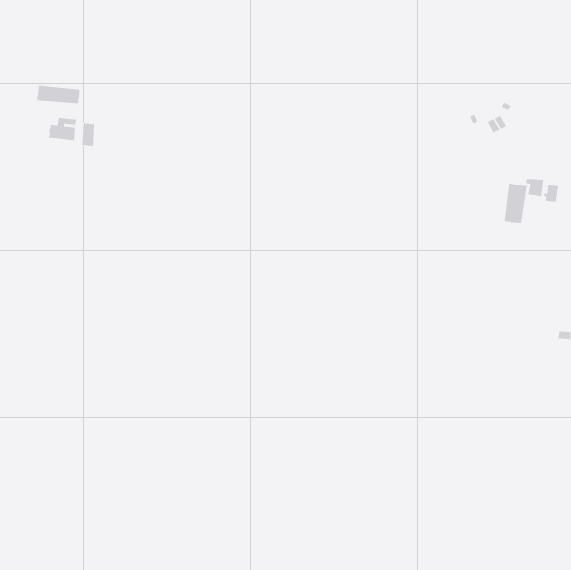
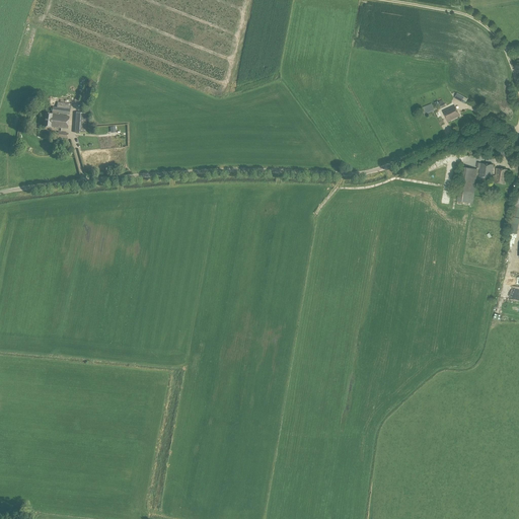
building: [37,85,80,104] -> none

